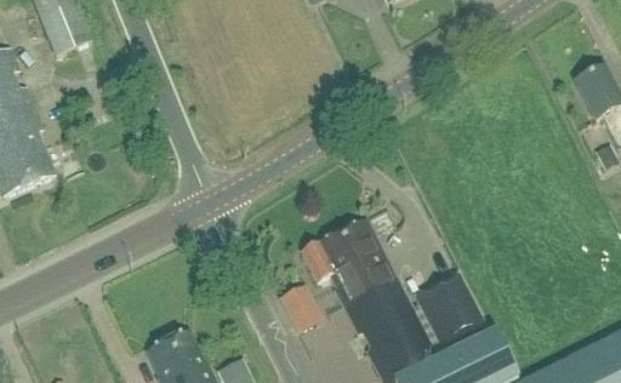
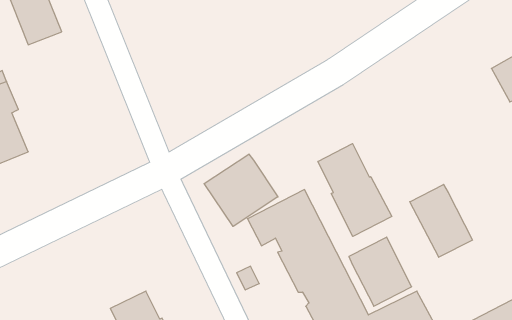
building: none -> [318,144,392,236]
building: none -> [204,154,278,226]
building: none -> [410,184,472,257]

